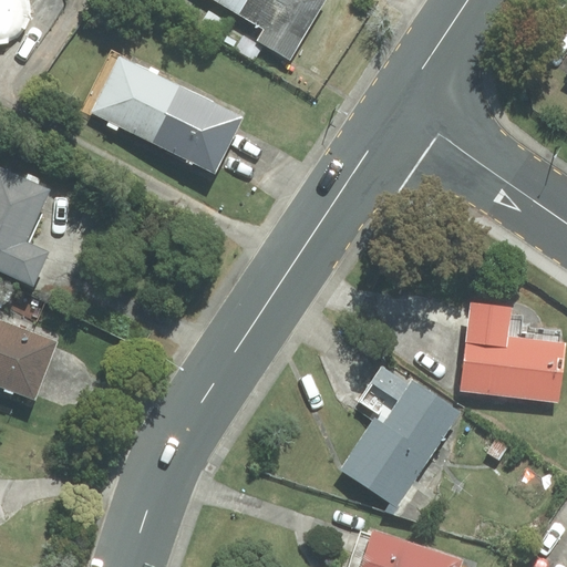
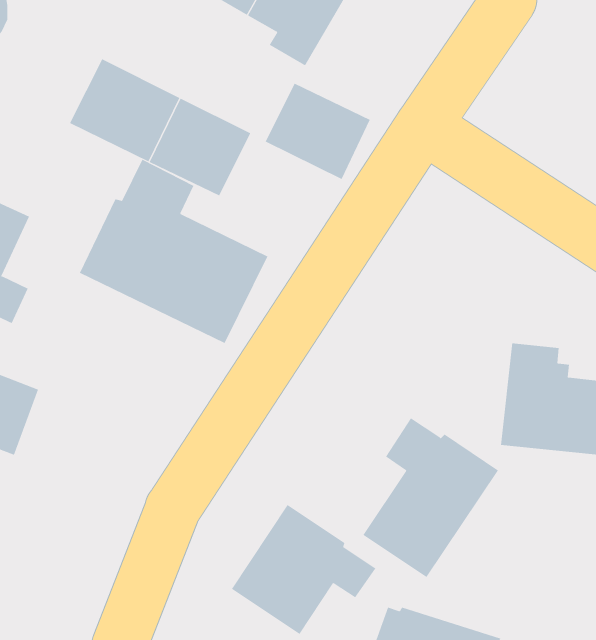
building: none -> [265,83,371,180]
building: none -> [79,159,268,344]
building: none -> [231,504,376,635]

